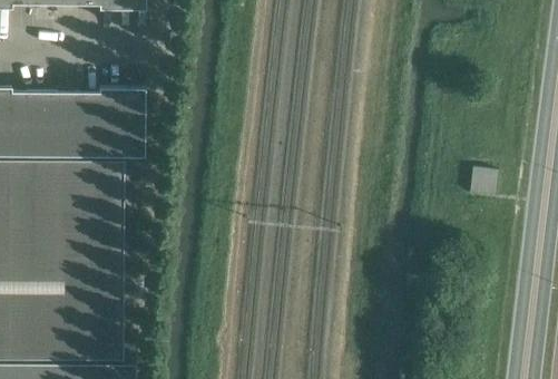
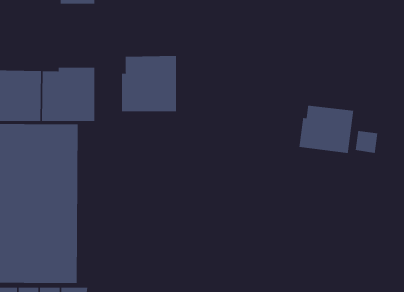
building: none -> [122,55,176,112]
building: none -> [299,105,354,154]

